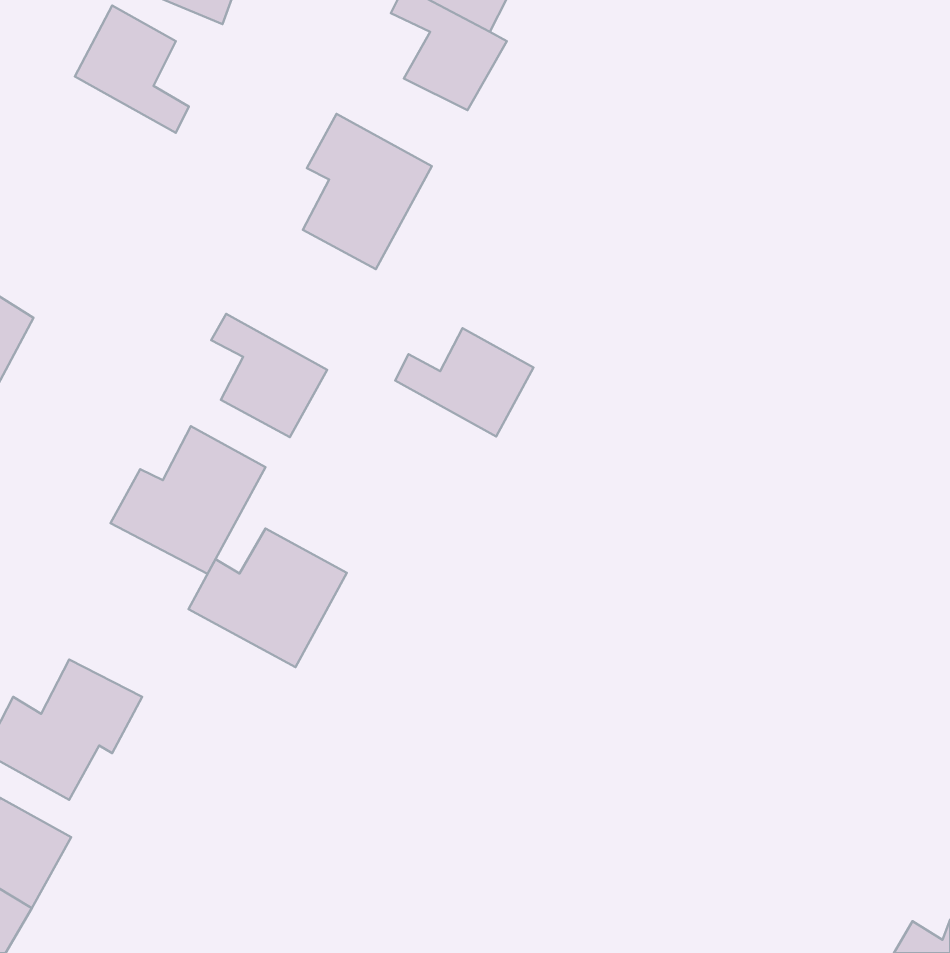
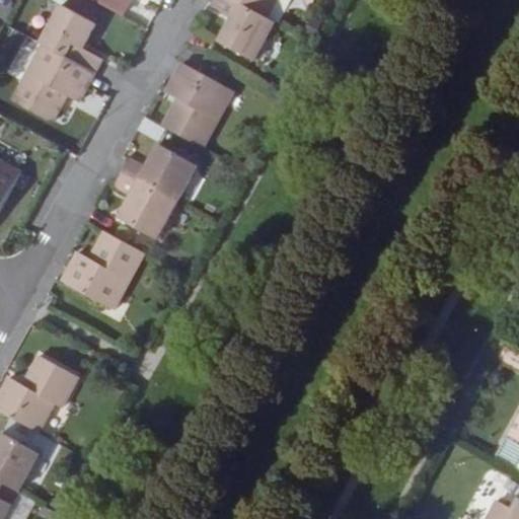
building: none -> [12,43,95,121]
building: [395,328,534,437] -> [123,142,198,201]
building: [189,528,347,667] -> none

